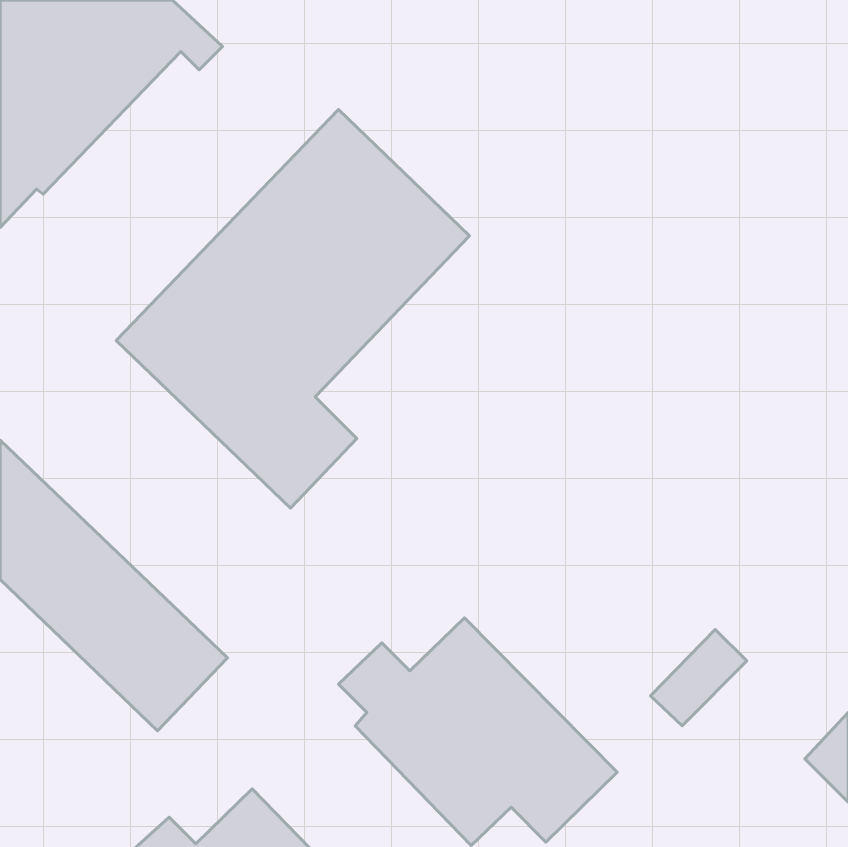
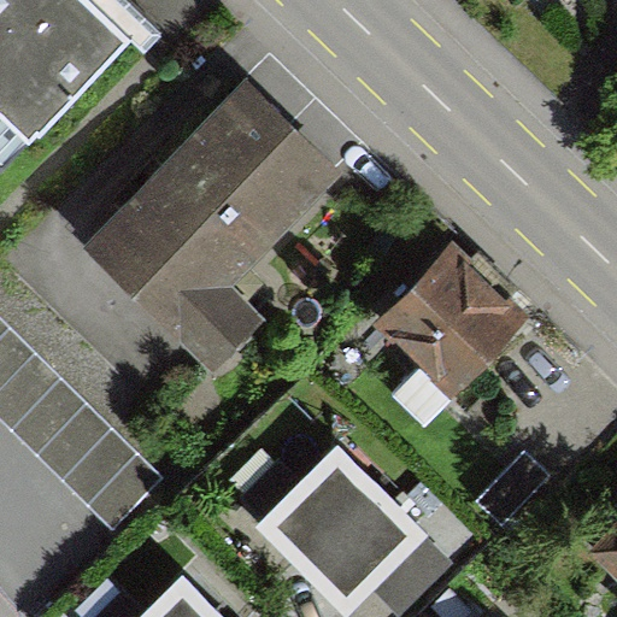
building: none -> [372,243,531,401]

